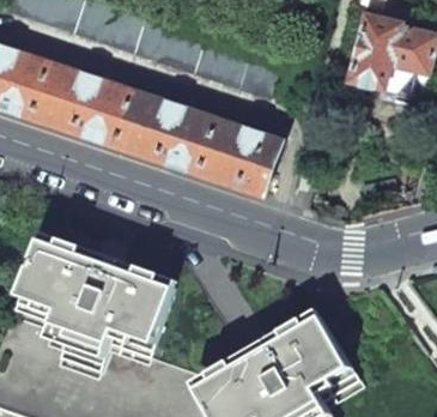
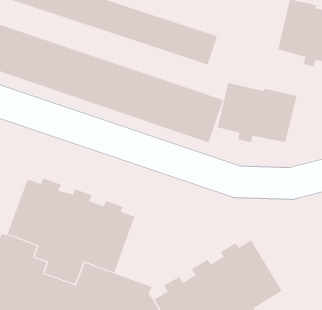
building: none -> [217,82,297,143]

